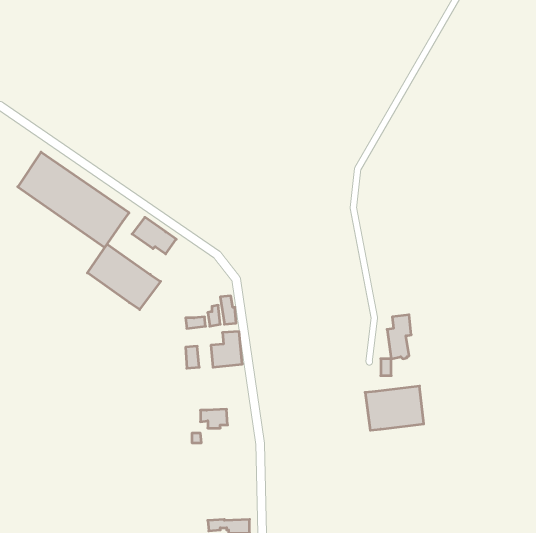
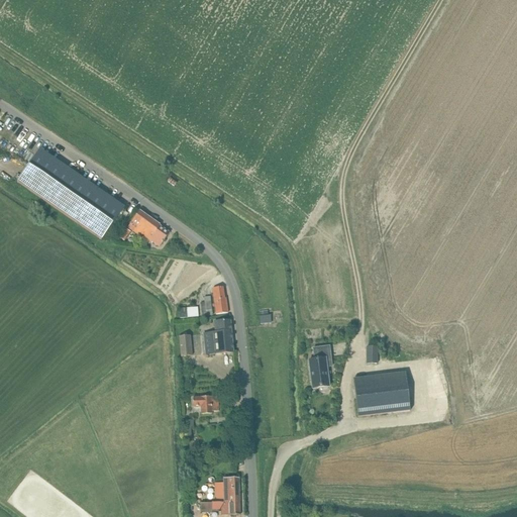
building: [87,244,161,310] -> none
building: [387,315,411,359] -> [308,344,331,387]
building: none -> [214,476,240,501]

